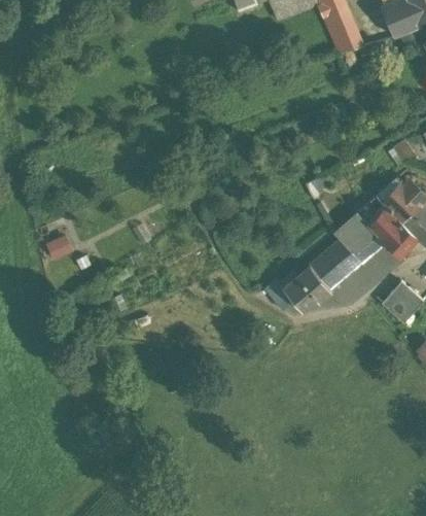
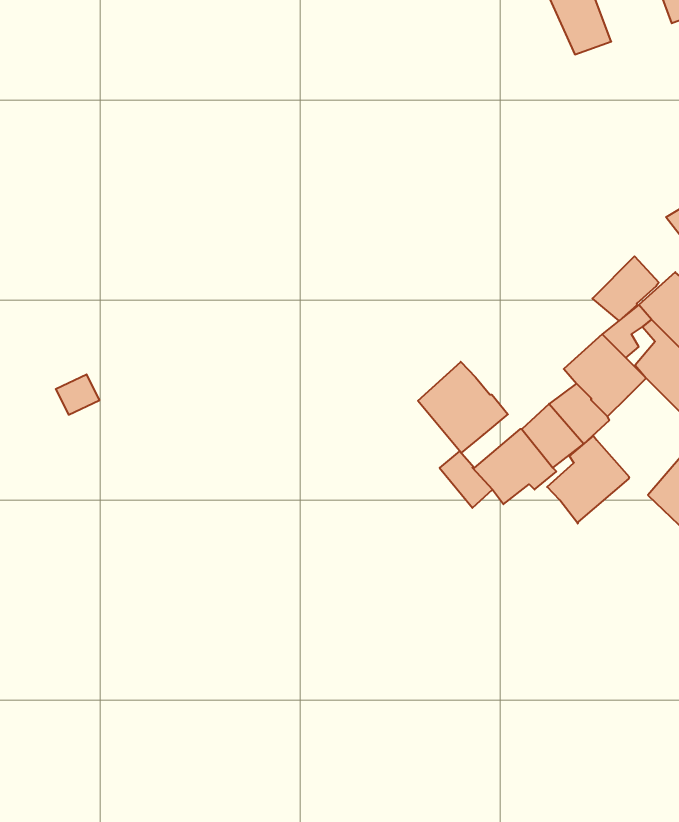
building: none -> [592,256,659,321]
building: none -> [418,362,508,453]
building: none -> [547,436,629,524]

